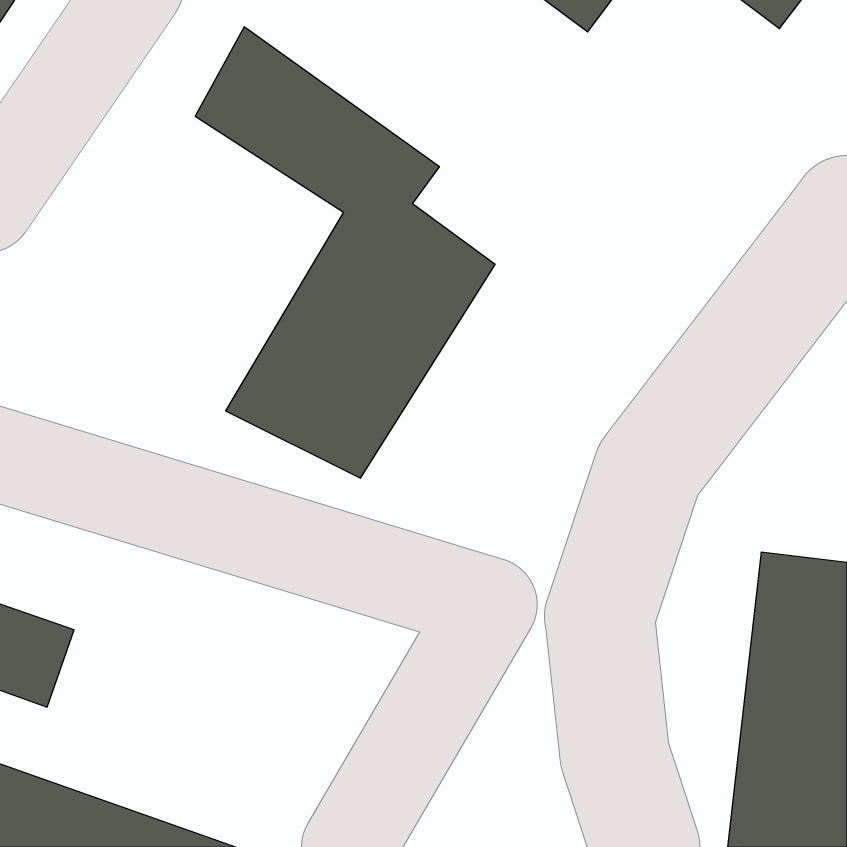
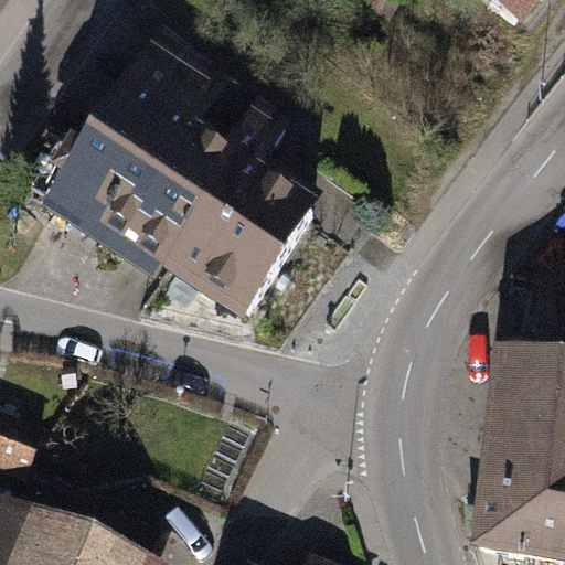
building: none -> [40,76,225,269]

